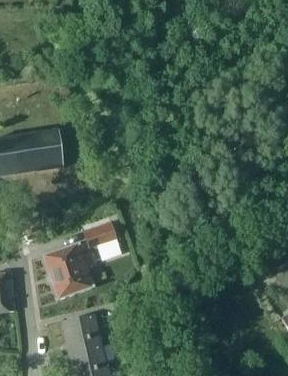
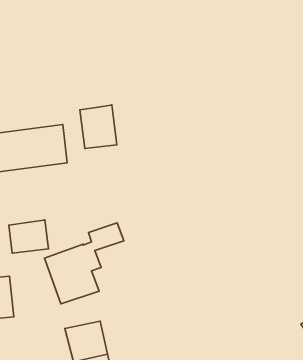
building: none -> [80,105,117,148]
building: none -> [9,220,49,253]

